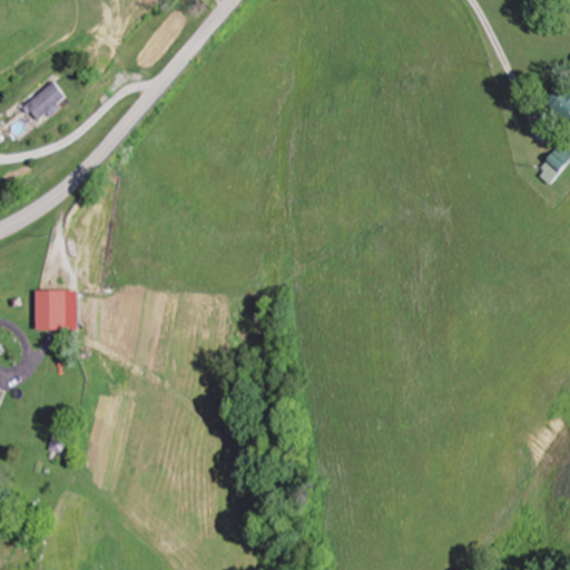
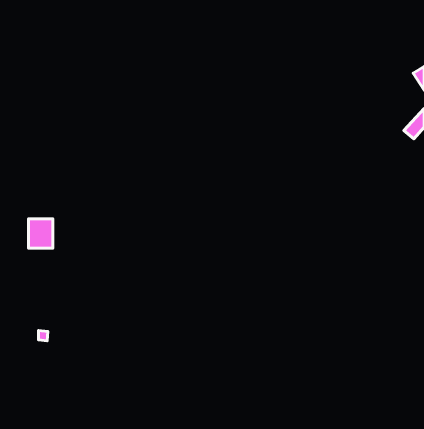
building: [24,80,67,120] -> none

